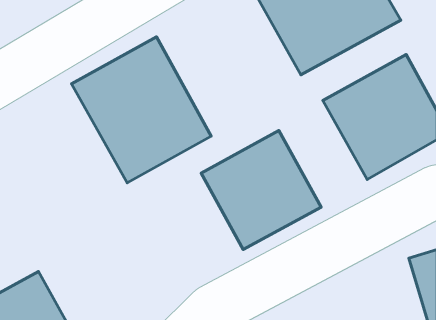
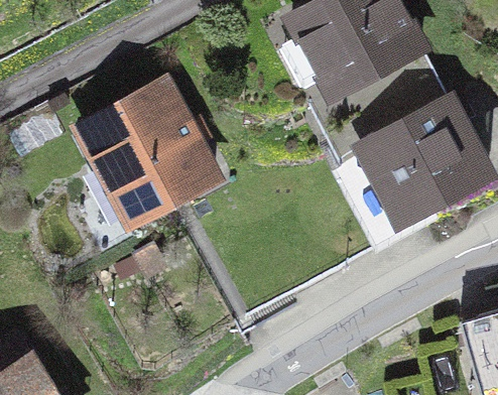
building: [201,131,321,249] -> none

